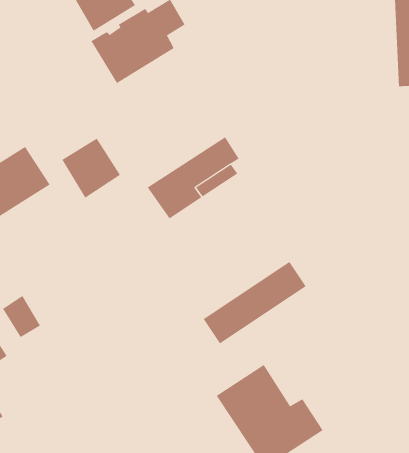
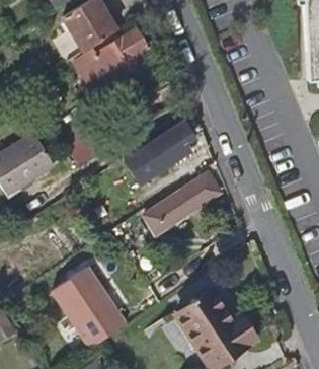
building: [203,261,306,344] -> [143,173,219,234]
building: none -> [53,268,128,349]

